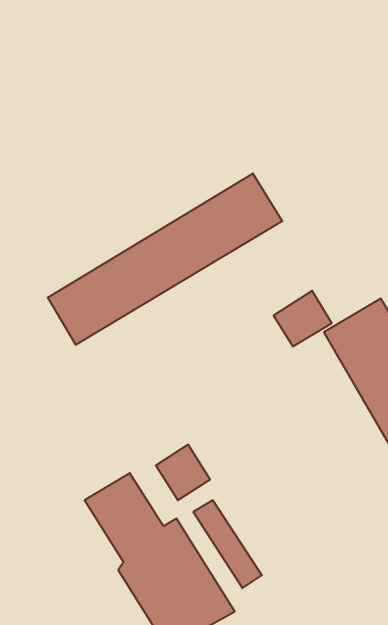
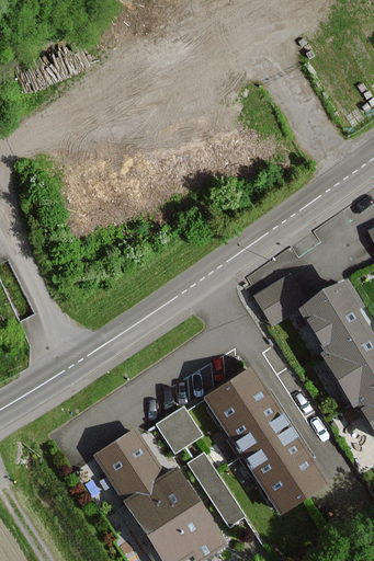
building: [48,173,282,345] -> none
building: none -> [206,368,322,510]

